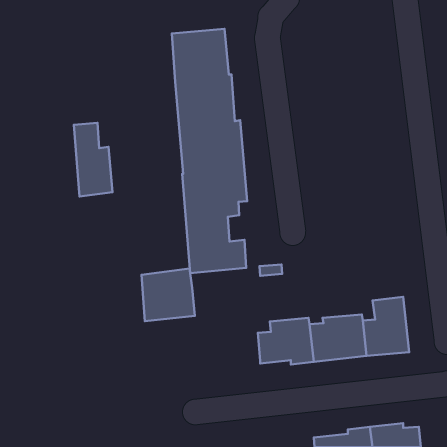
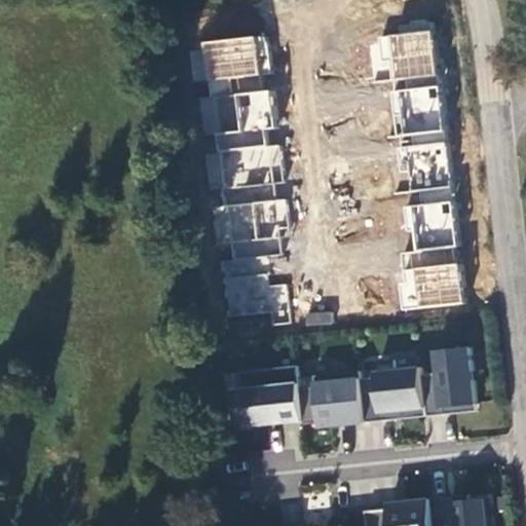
building: none -> [367,23,460,308]
building: [74,123,113,196] -> none
building: [141,269,195,321] -> [242,367,305,428]

